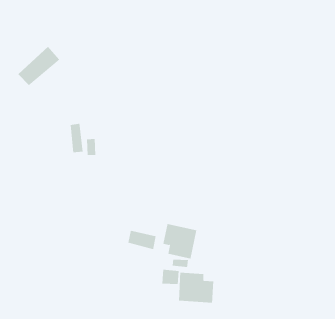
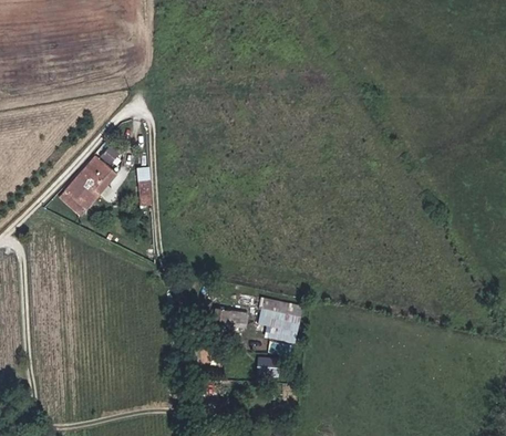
building: [18,46,60,86] -> [71,155,126,207]
building: [178,272,214,304] -> none

